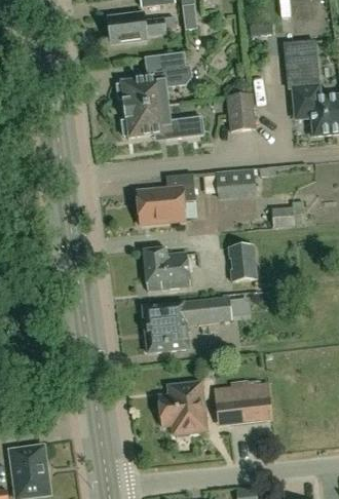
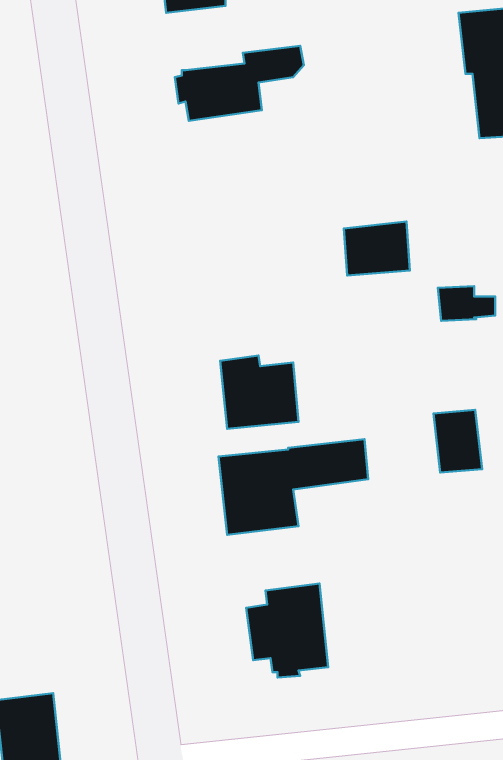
building: [226,91,255,130] -> none
building: [121,102,204,138] -> none
building: [138,177,195,224] -> none
building: [227,242,256,279] -> [433,410,482,473]
building: [213,381,272,426] -> none

